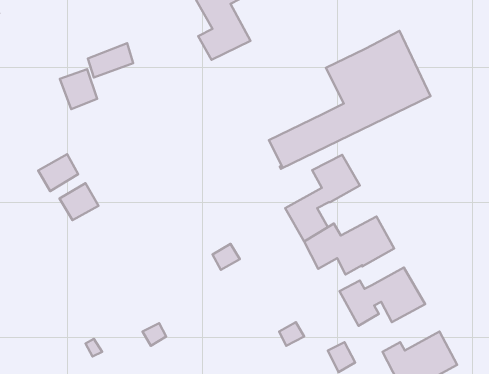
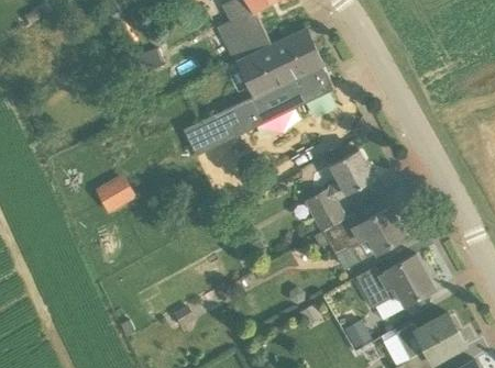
building: [269,31,430,169] -> [184,27,333,155]
building: [60,69,97,109] -> none
building: [38,154,78,191] -> none

